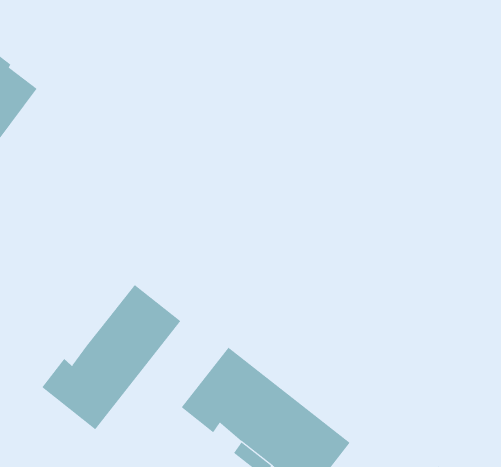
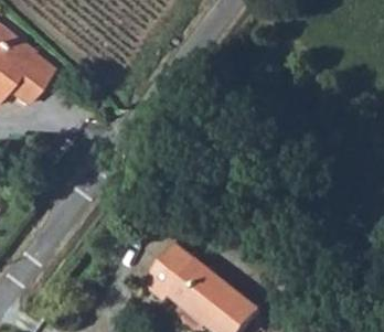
building: [41,284,181,430] -> none

